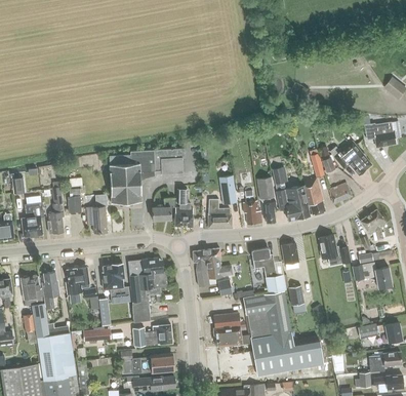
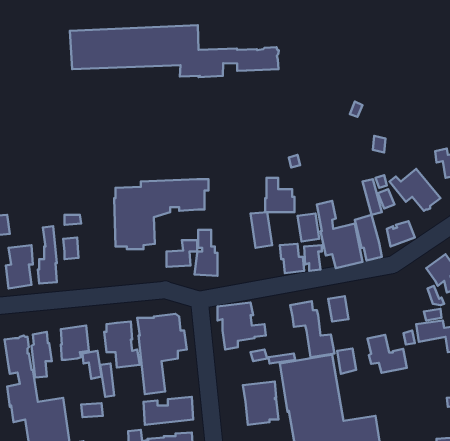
building: none -> [70,25,279,77]
building: [207,199,231,227] -> [265,178,295,212]
building: [86,206,107,234] -> none
building: [318,235,350,266] -> [367,335,407,373]

